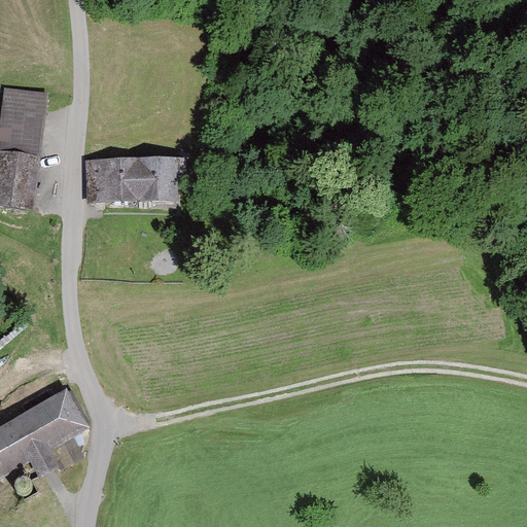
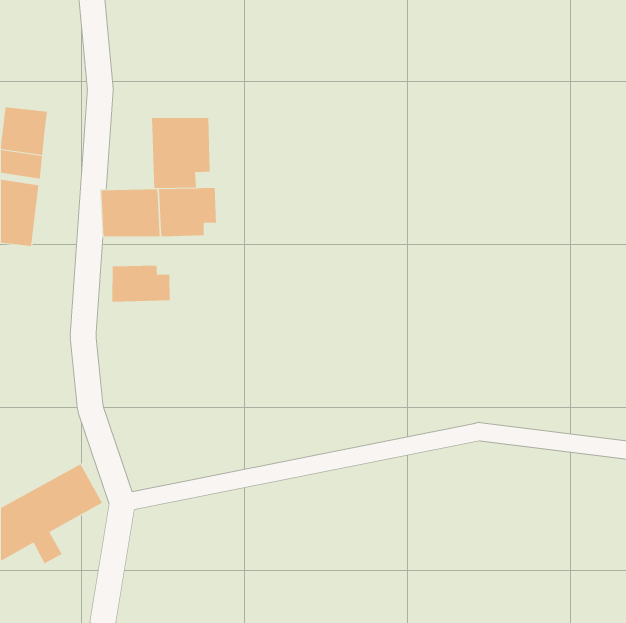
building: none -> [151,117,210,189]
building: none -> [112,265,170,302]

